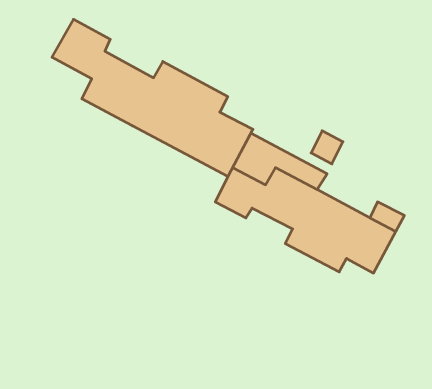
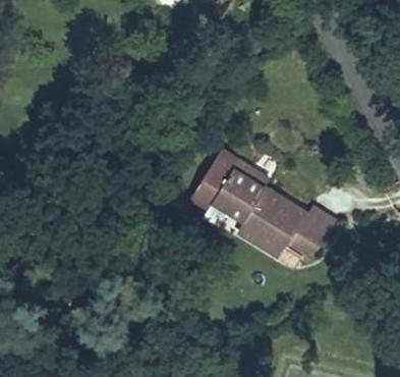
building: [52,19,253,176] -> none

